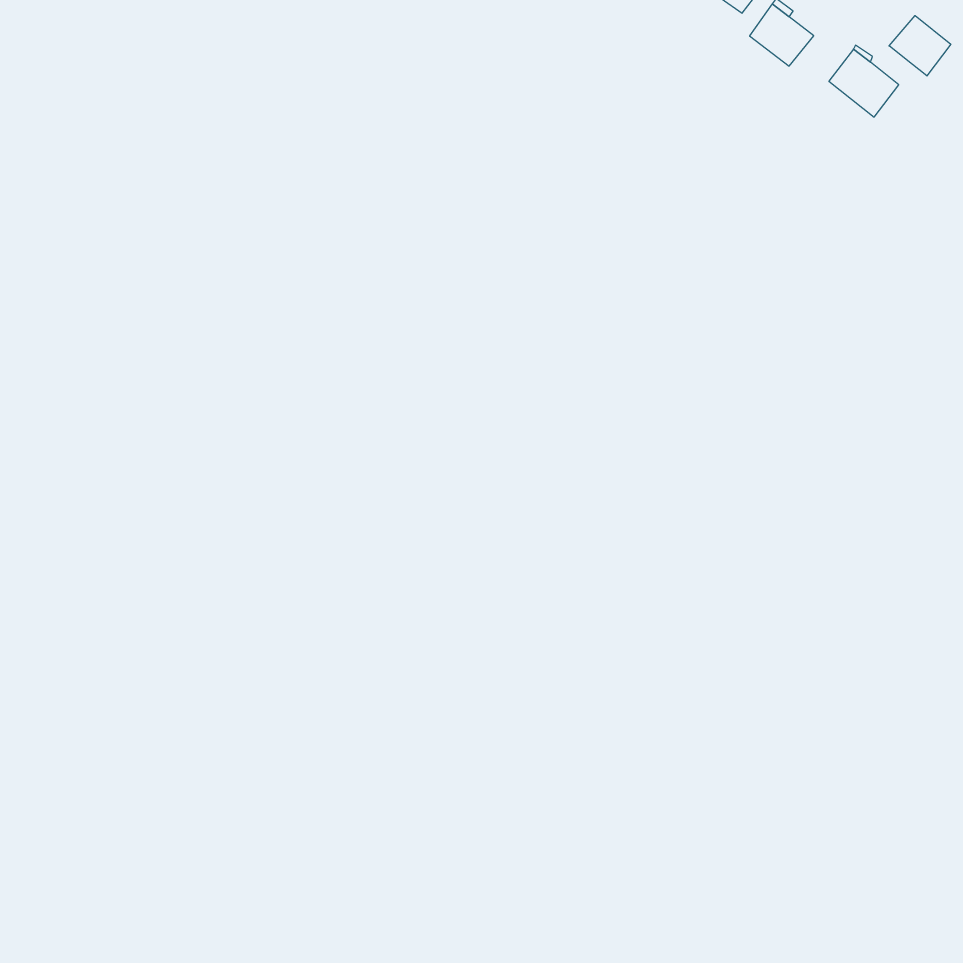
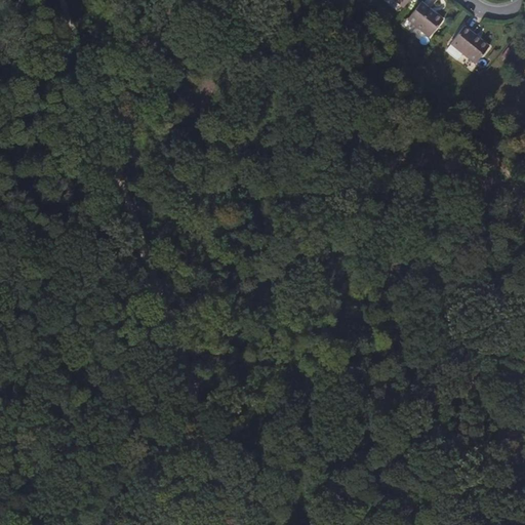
building: [889,16,951,76] -> none

